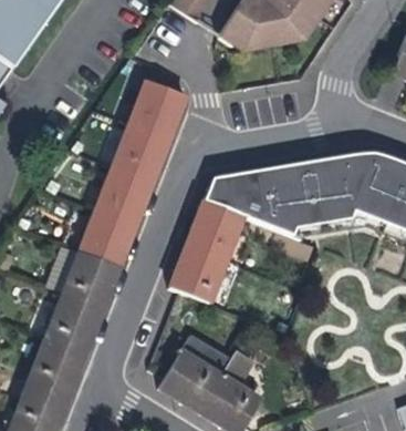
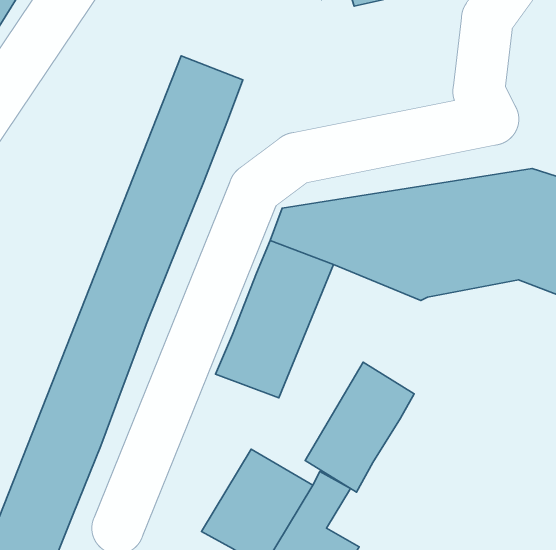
building: none -> [305,362,414,492]

